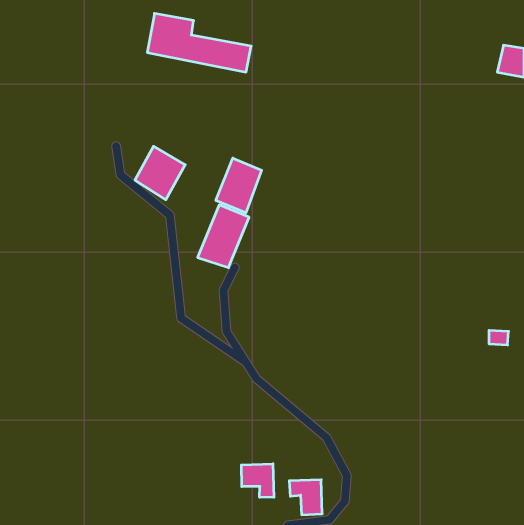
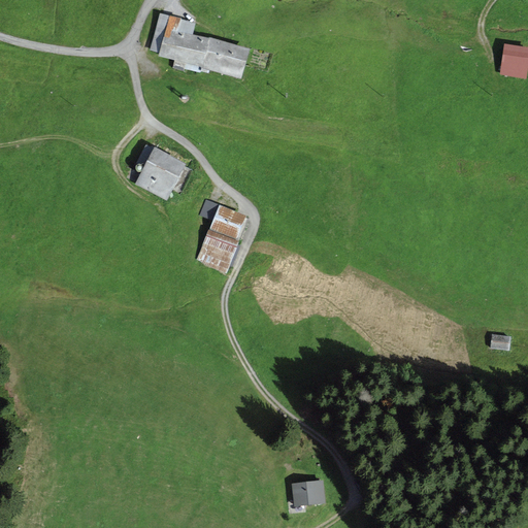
building: [216,158,262,213] -> none
building: [241,464,274,497] -> none

